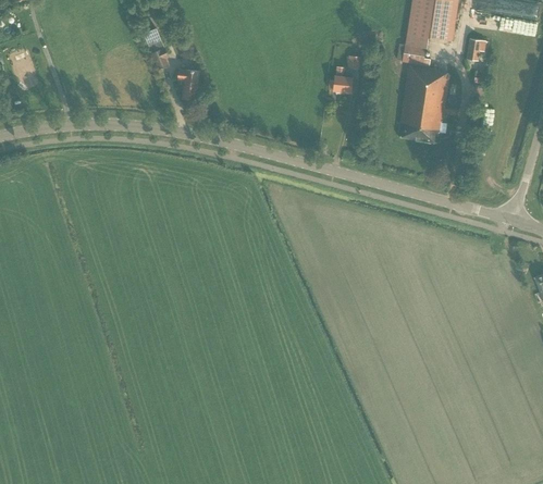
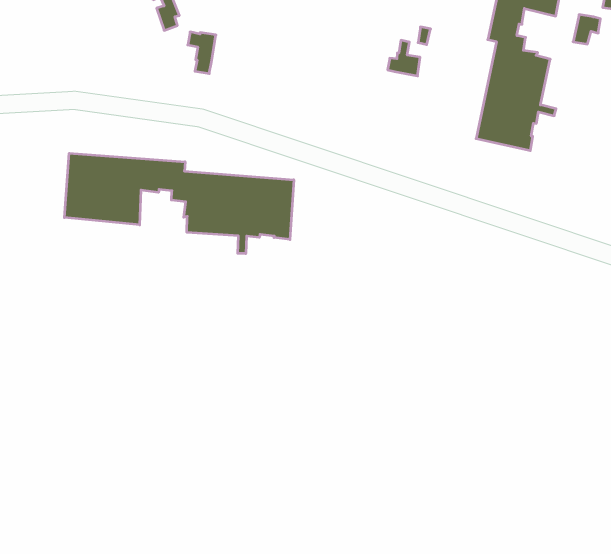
building: none -> [64,153,294,254]

